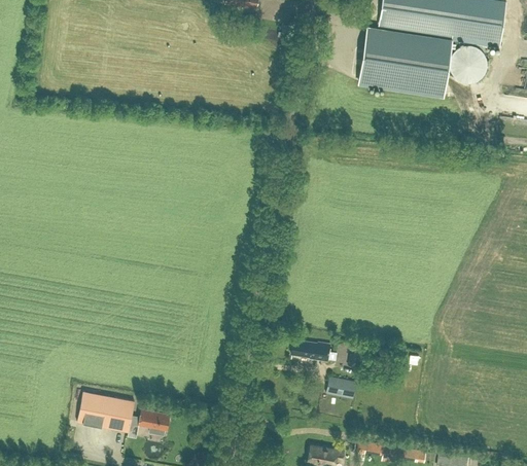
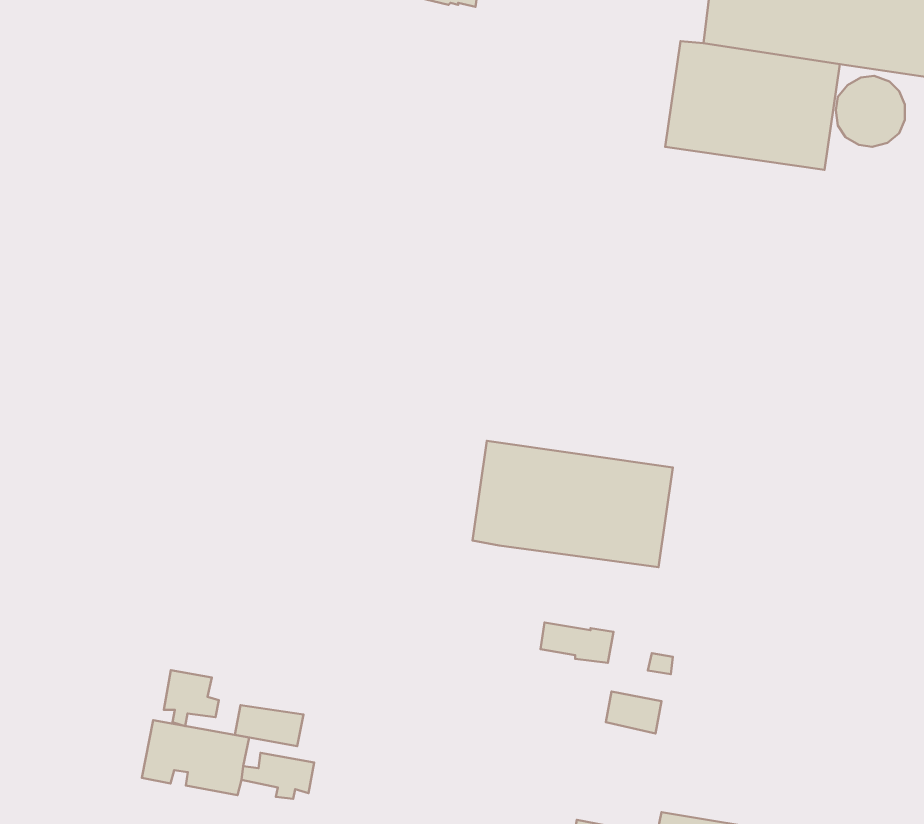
building: none -> [473,441,673,567]
building: none -> [164,670,219,726]
building: none -> [235,705,303,746]

